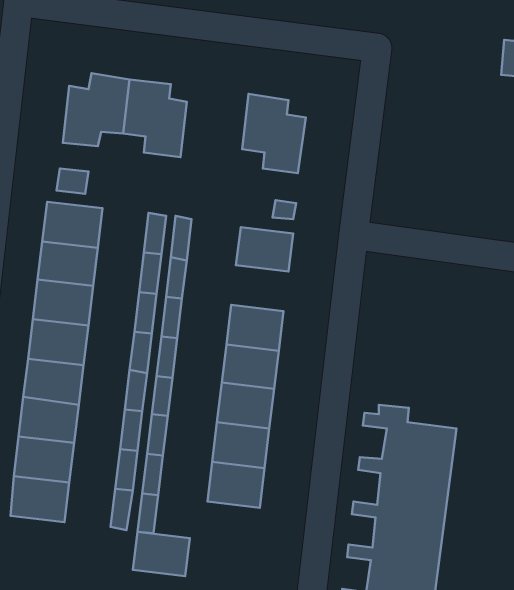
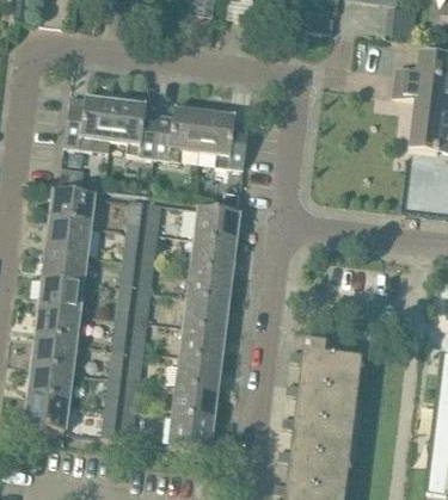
building: none -> [153,105,204,160]
building: none -> [191,237,234,272]
building: [133,532,190,576] -> [170,415,213,449]

